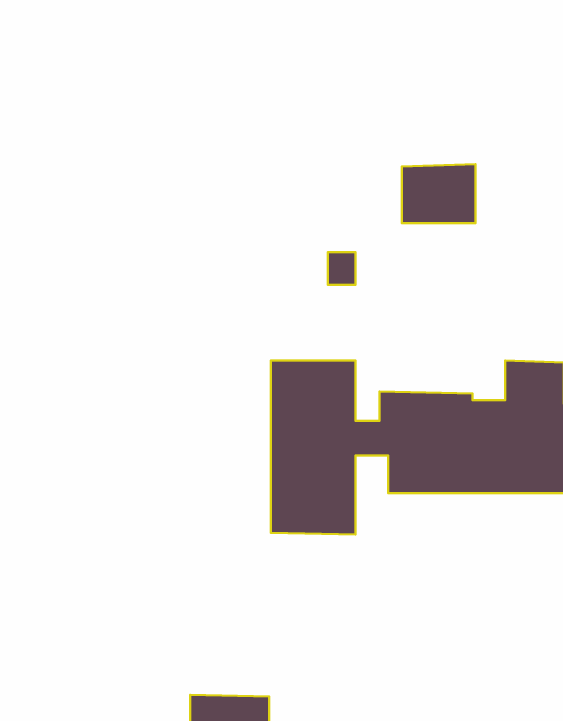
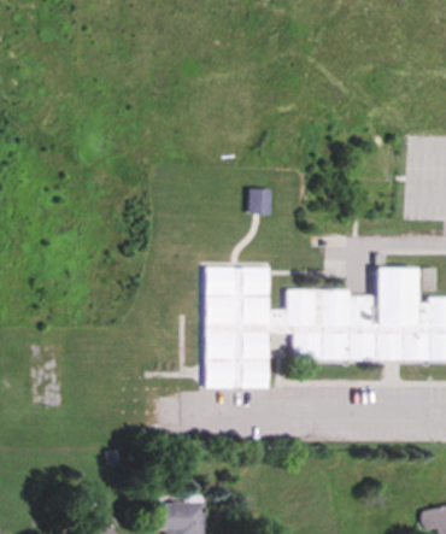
building: [402,164,476,223] -> none

